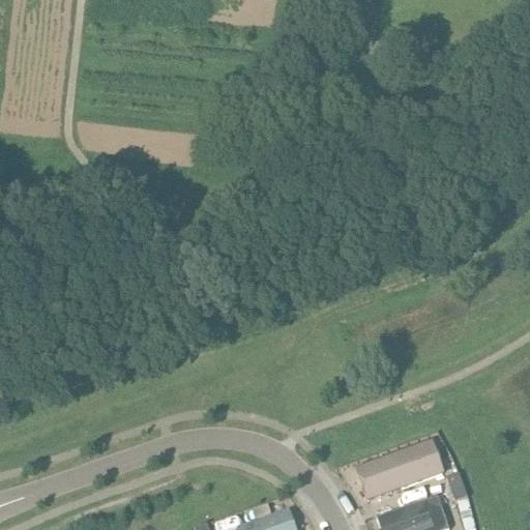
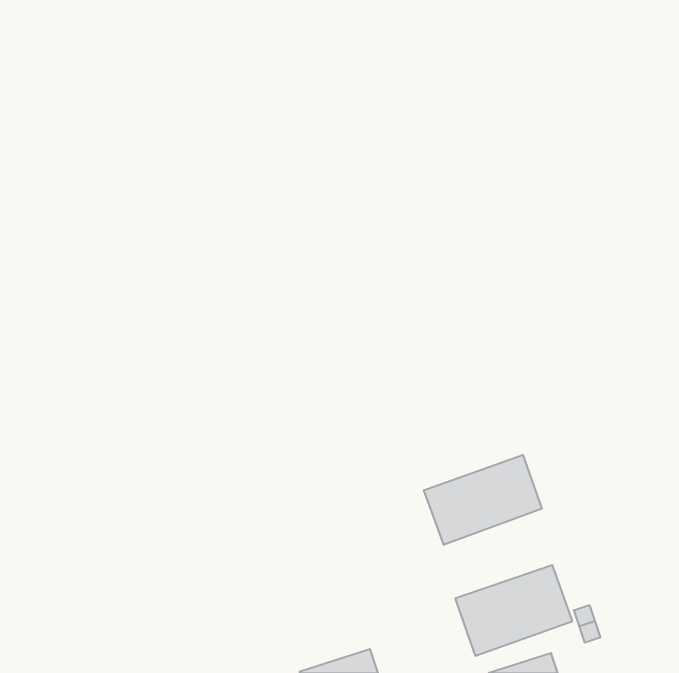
building: none -> [424,455,542,545]

